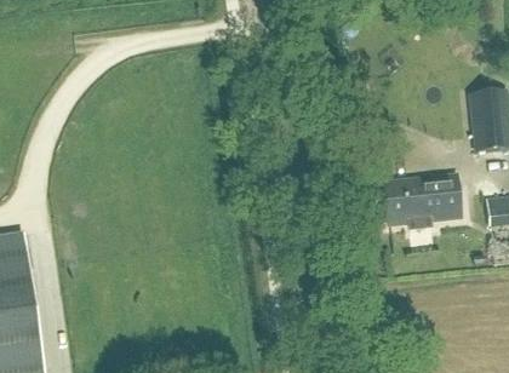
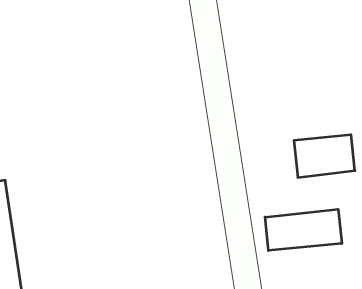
building: none -> [265,209,342,251]

